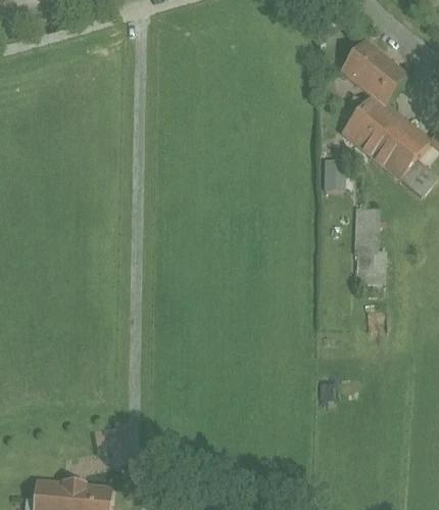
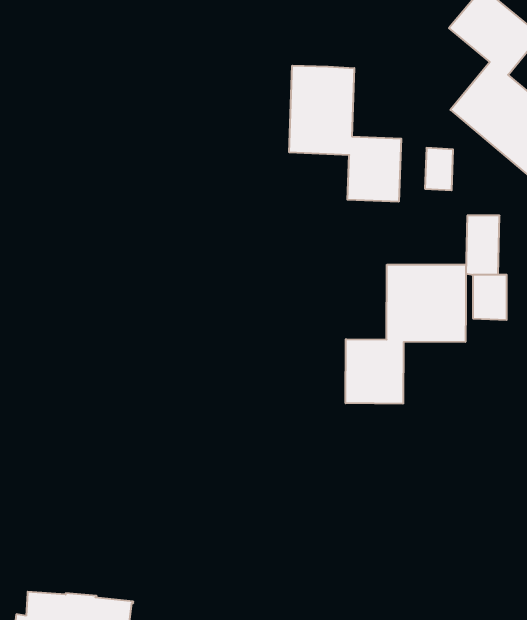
building: none -> [289,66,401,202]
building: none -> [346,265,466,404]

